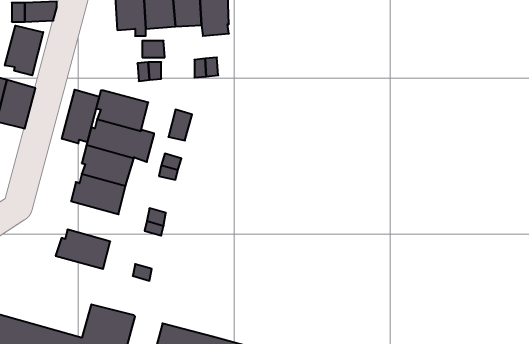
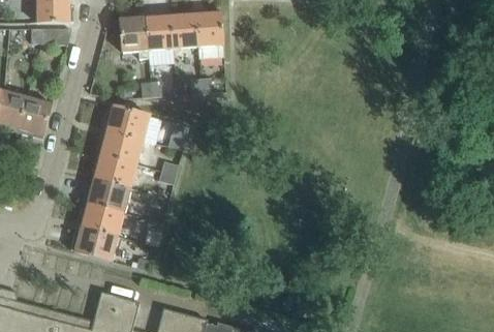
building: [5,26,43,75] -> none
building: [62,90,99,144] -> none
building: none -> [79,203,124,238]

